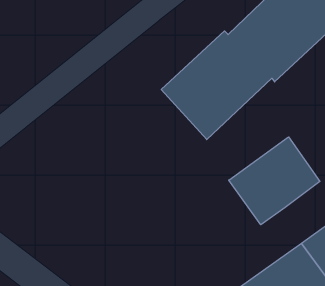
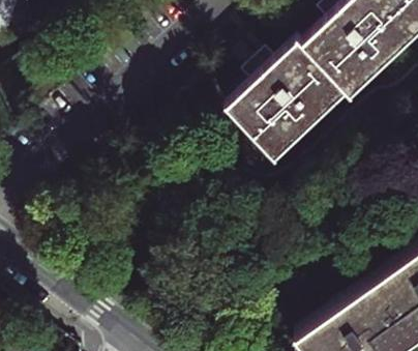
building: [229,137,320,225] -> none

